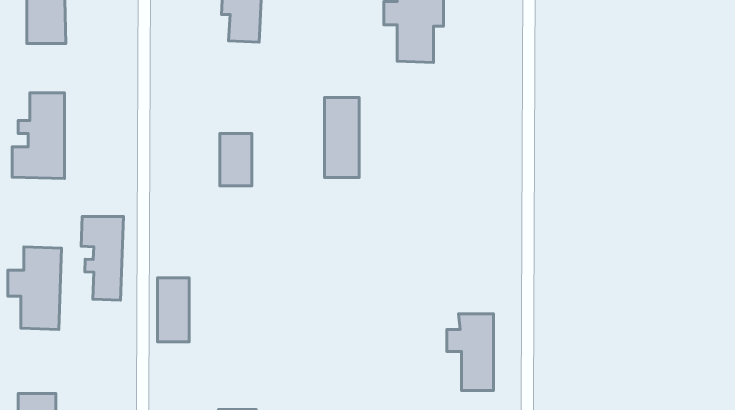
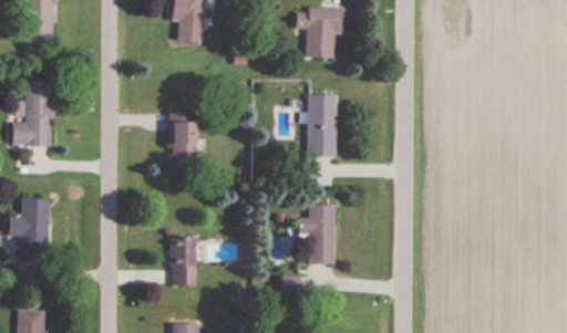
building: [324,98,359,177] -> [308,94,334,155]
building: [81,217,123,300] -> none
building: [157,278,189,342] -> [171,237,195,285]
building: [447,314,493,391] -> [299,205,334,263]

